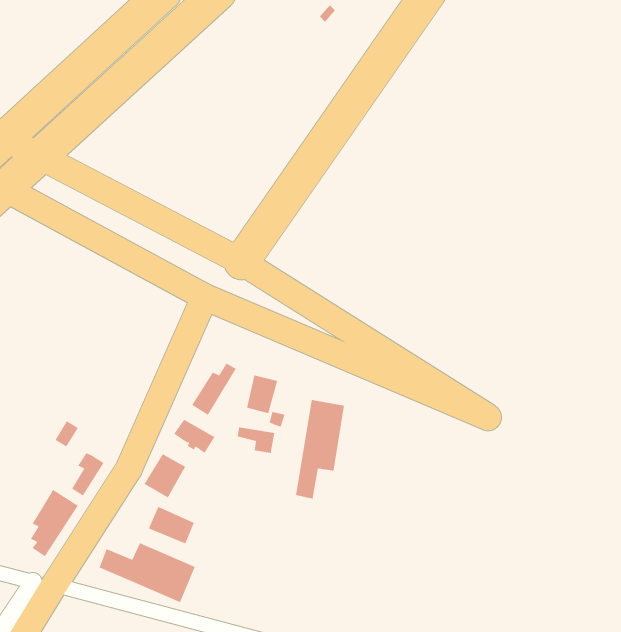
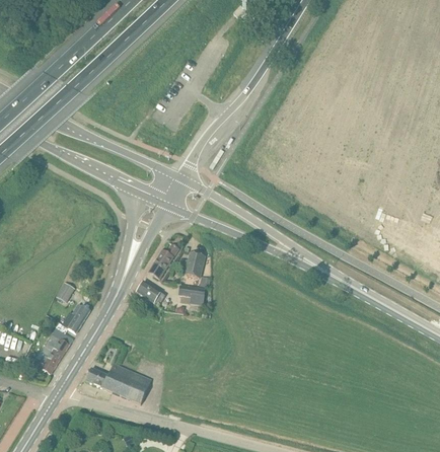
building: [295,399,345,499] -> none
building: [143,453,186,499] -> none
building: [148,506,195,544] -> none

